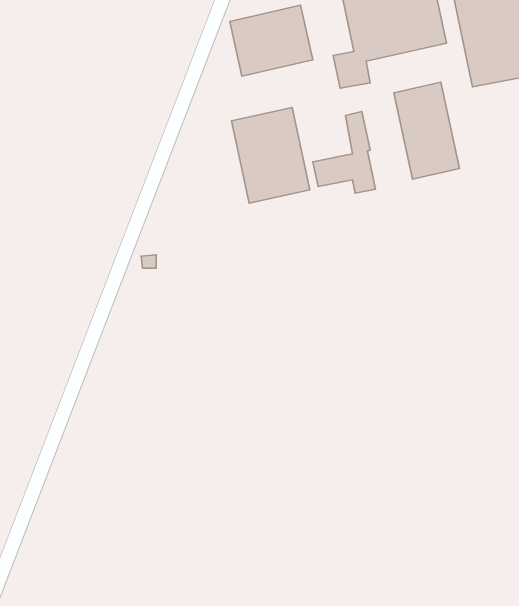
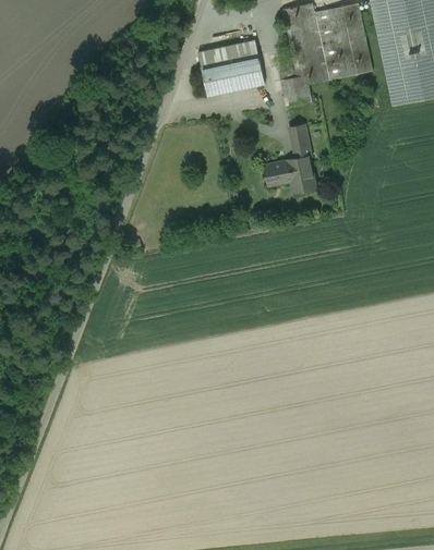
building: [394,82,459,179] -> none
building: [232,108,310,203] -> none

